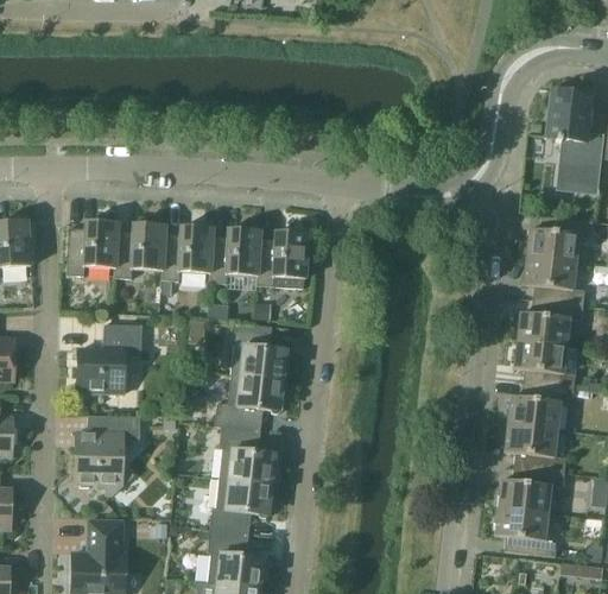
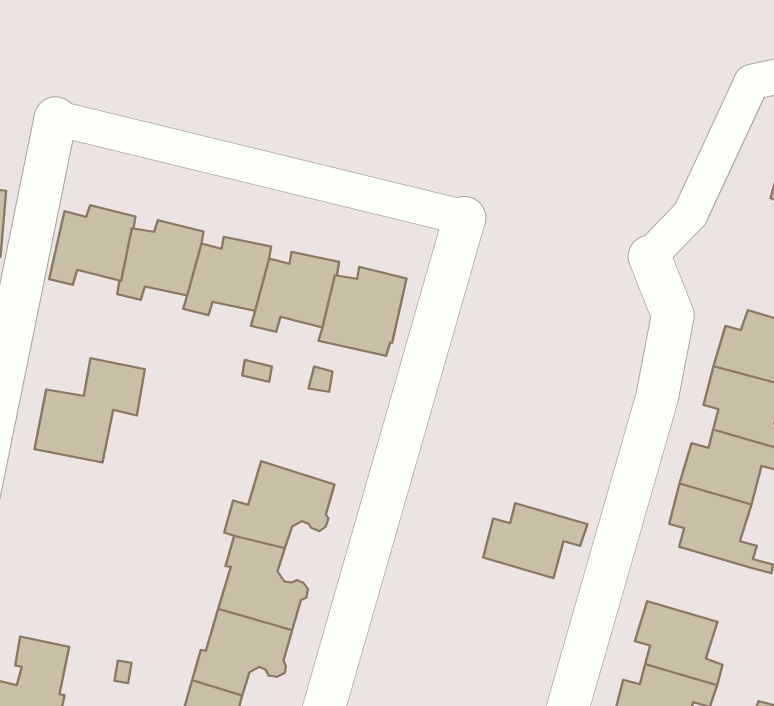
building: [232,322,290,380] -> none
building: [508,383,575,429] -> [483,503,587,578]
building: [76,415,141,494] -> none

